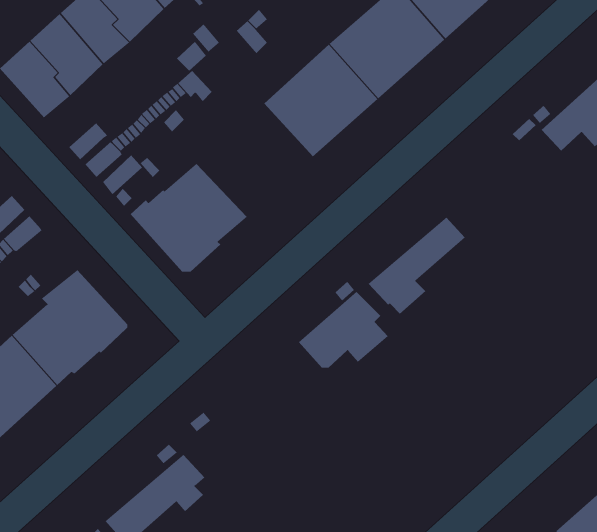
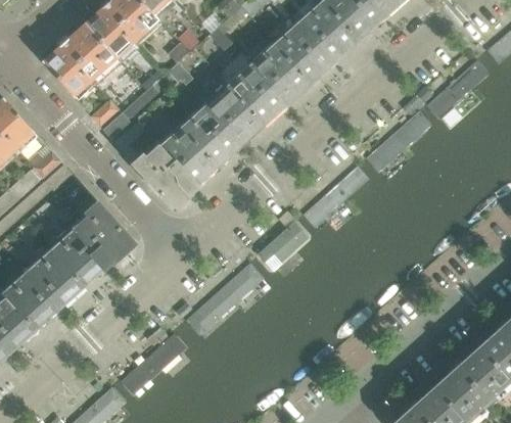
building: none -> [177,86,264,166]
building: none -> [367,109,432,179]
building: none -> [185,263,267,339]

